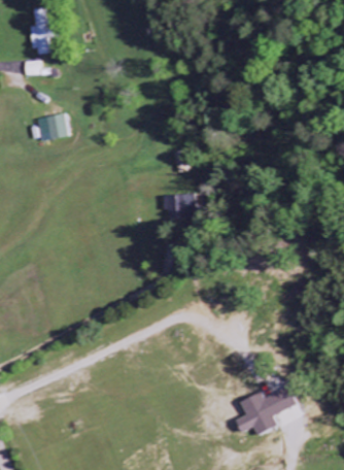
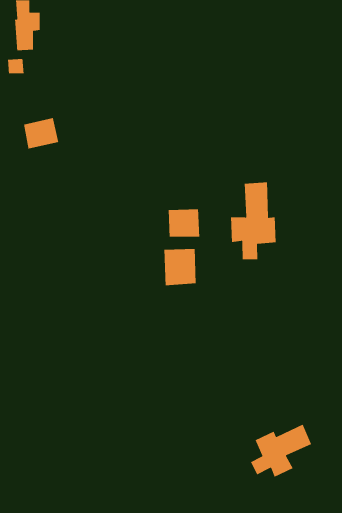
building: none -> [230,182,276,260]
building: none -> [163,248,197,286]

